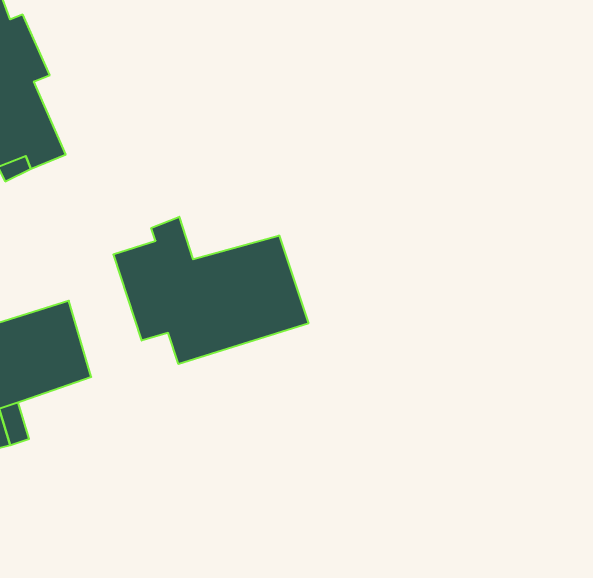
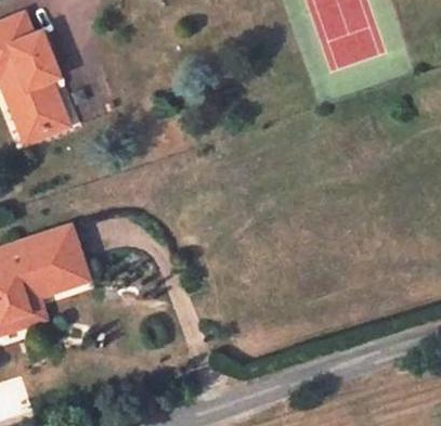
building: [113,217,308,364] -> none

